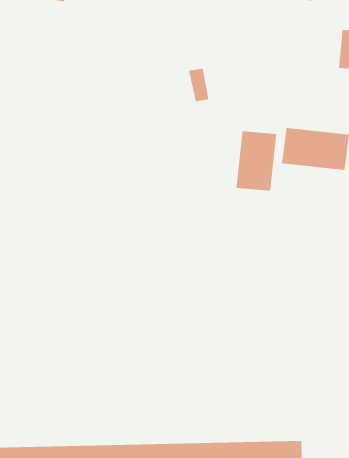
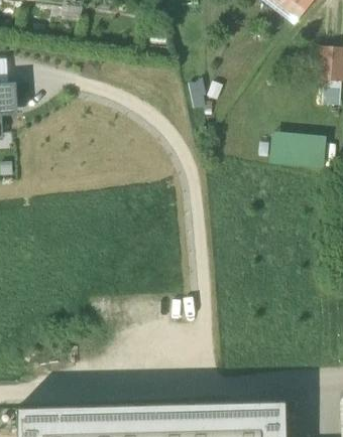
building: [236,131,277,192] -> none

